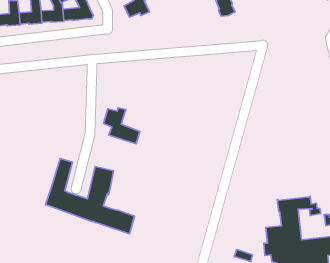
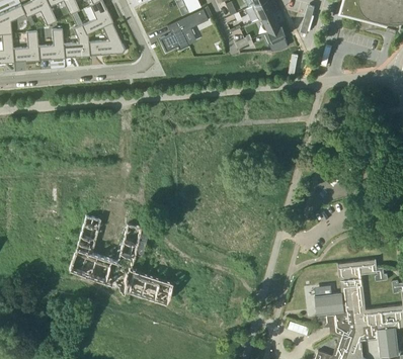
building: [103,108,140,144] -> none

